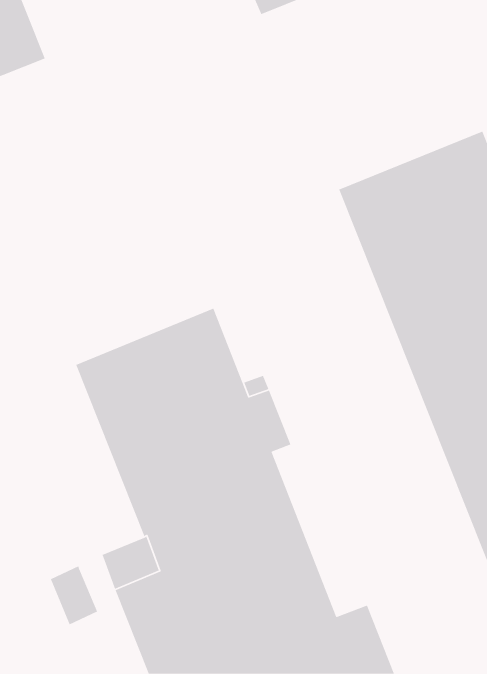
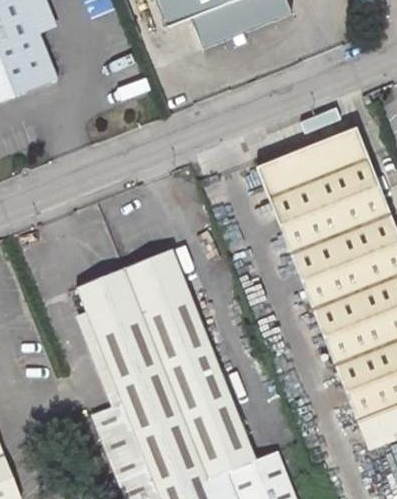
building: [50,565,98,625] -> none

